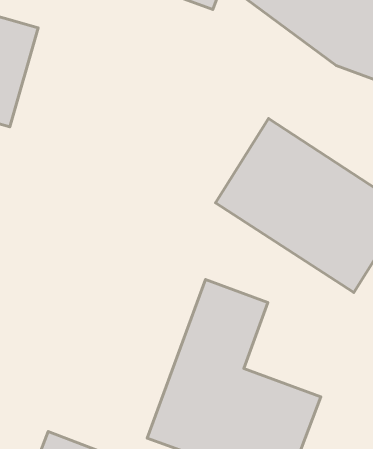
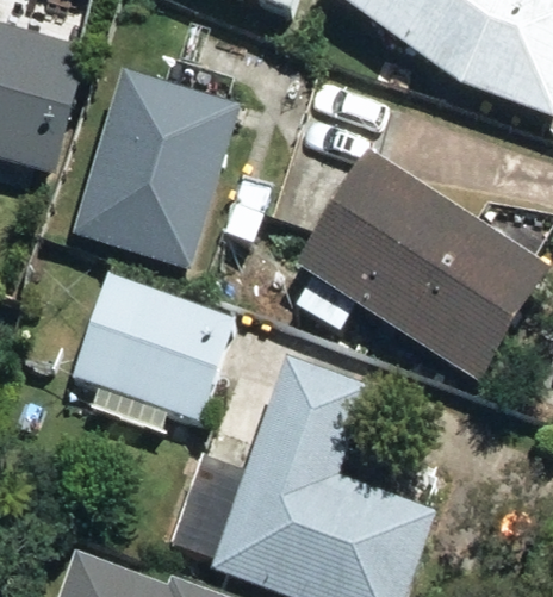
building: none -> [61,56,229,261]
building: none -> [73,274,236,422]

